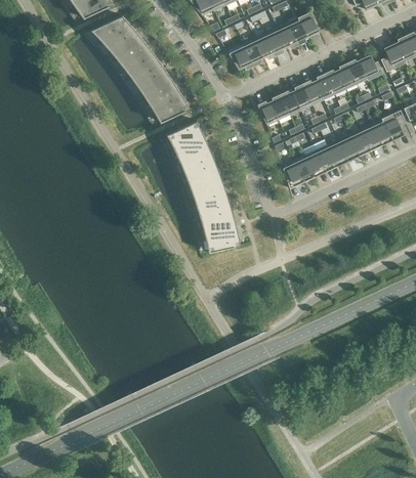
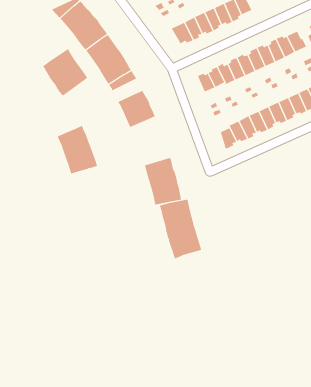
building: none -> [43,48,88,97]
building: [180,151,226,207] -> [57,125,98,174]
building: none -> [159,199,202,259]

